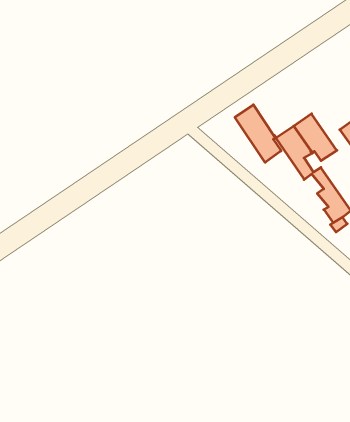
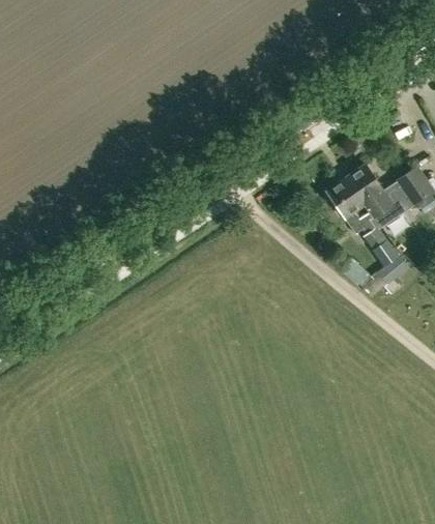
building: [235,105,281,162] -> none

